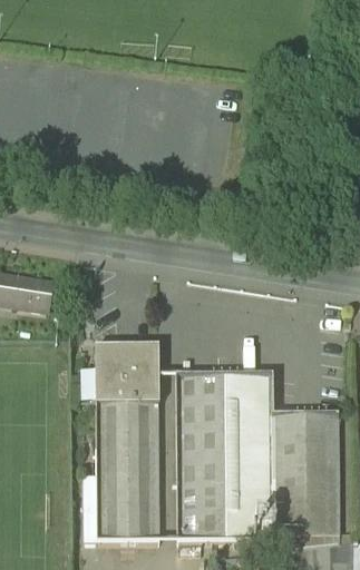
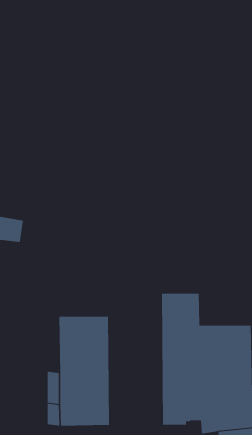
building: [96,345,159,402] -> none
building: [176,373,226,539] -> none

